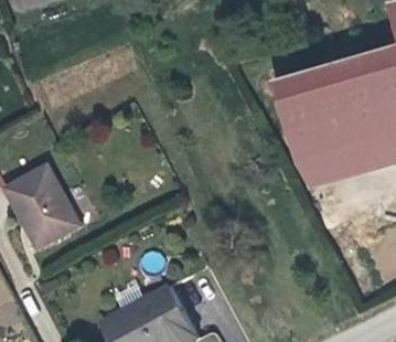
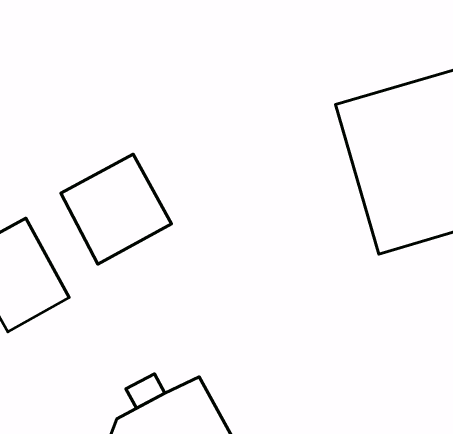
building: none -> [61,154,171,264]

